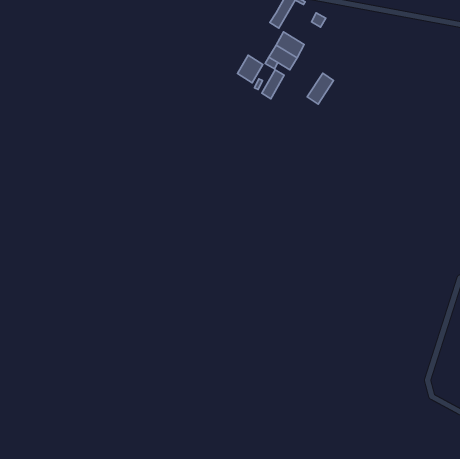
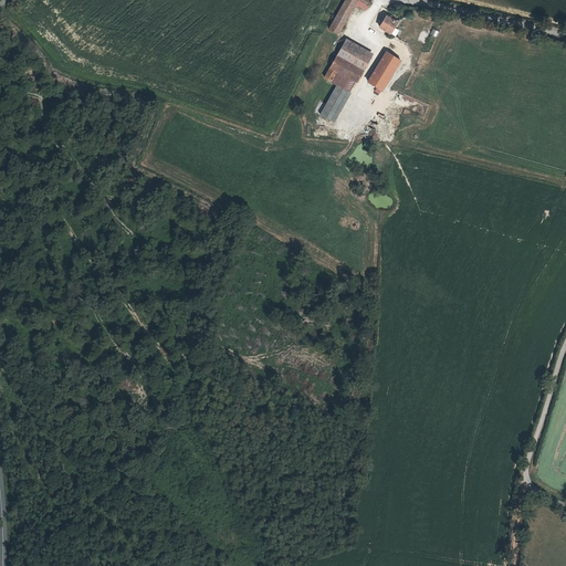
building: [238,55,263,83] -> none
building: [307,73,334,104] -> [369,52,401,90]

